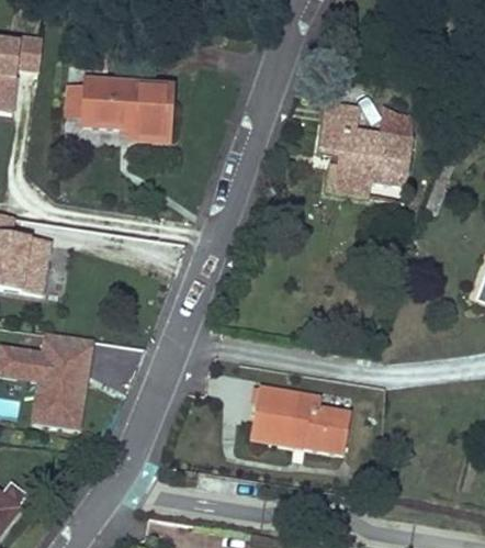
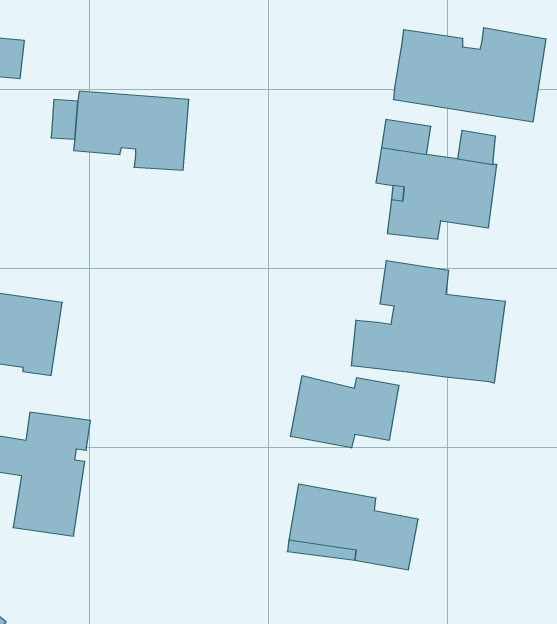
building: none -> [394,28,546,122]
building: none -> [351,260,505,383]
building: none -> [291,376,399,448]

